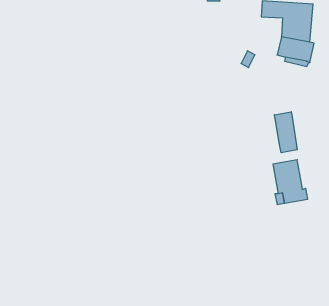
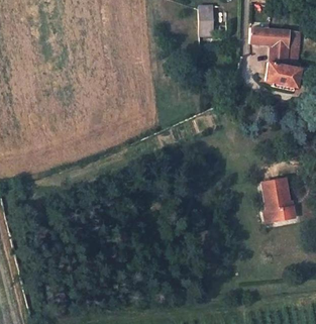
building: [274,112,297,153] -> none

